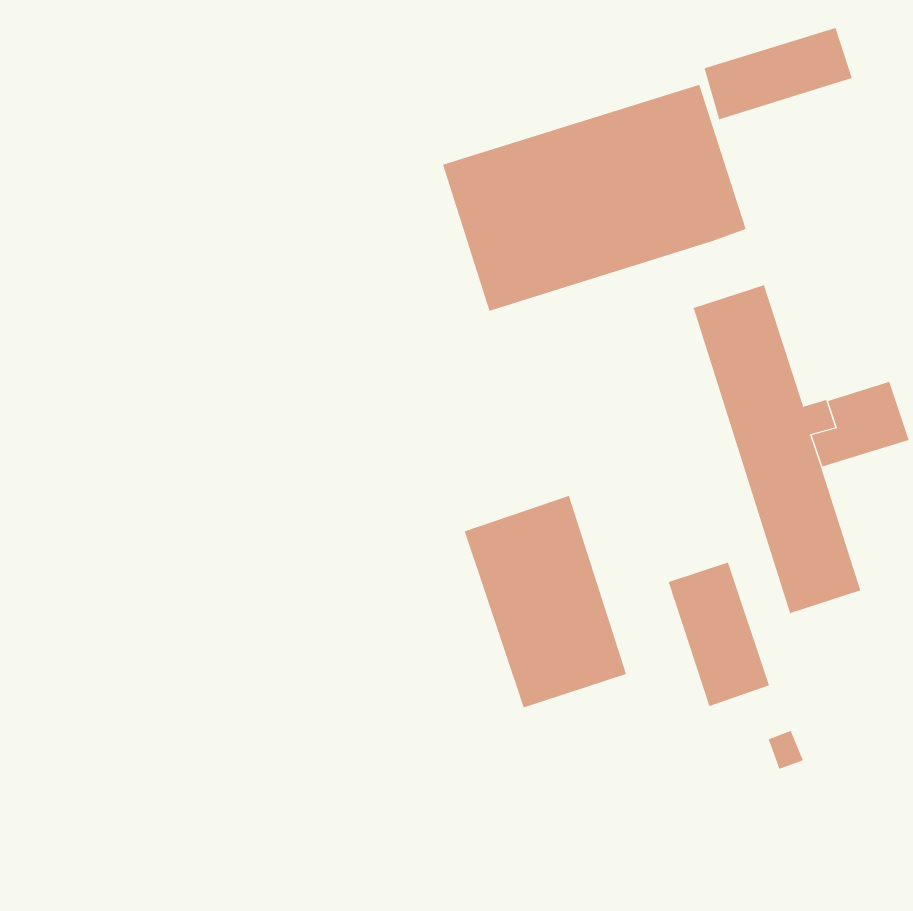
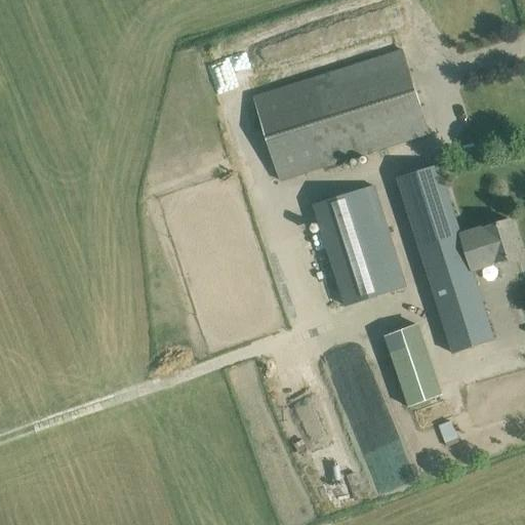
building: [704,27,852,120] -> none
building: [464,495,627,708] -> [312,186,405,308]

